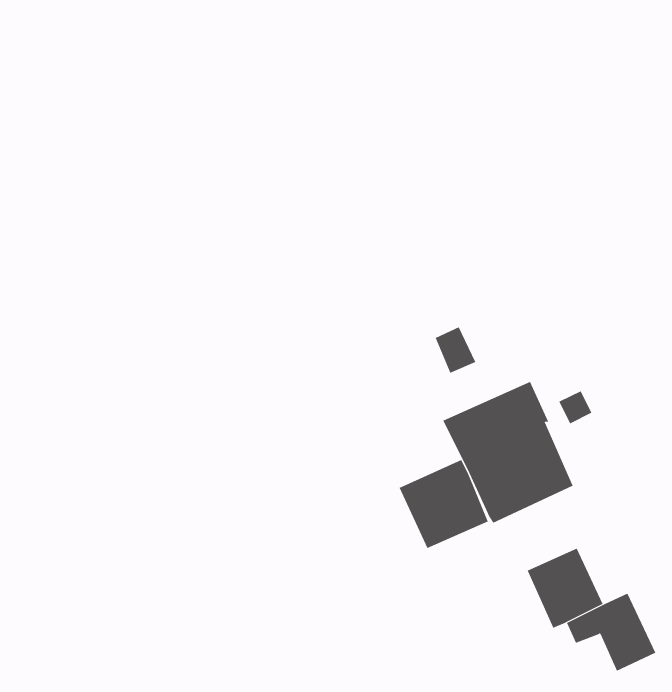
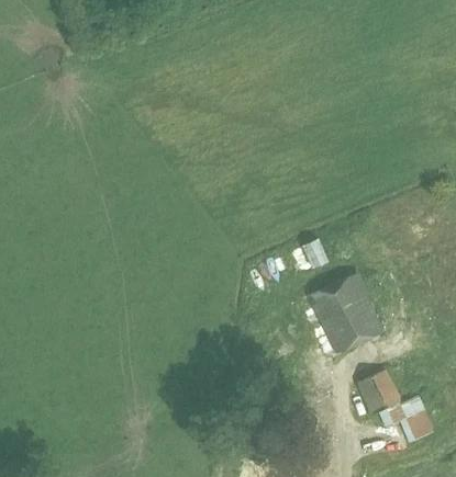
building: [399,459,489,549] -> none

